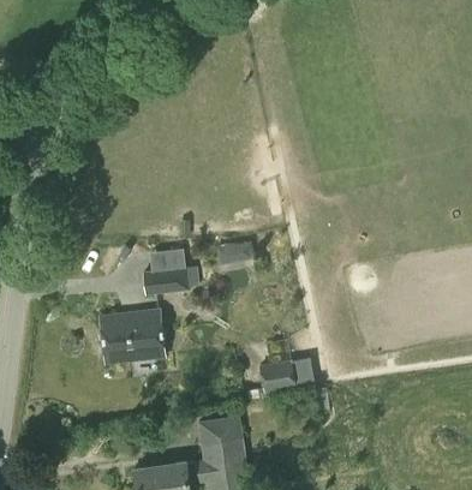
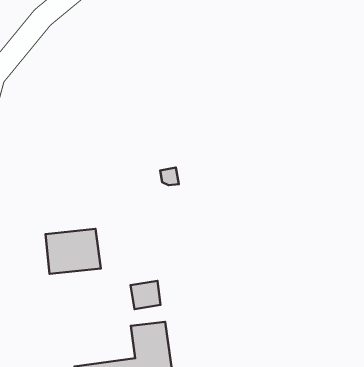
building: [142,267,187,295] -> none
building: [259,360,294,393] -> [130,281,161,309]

